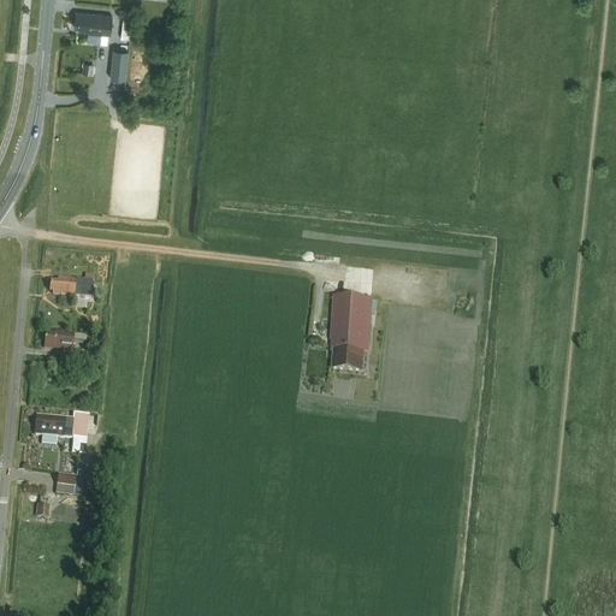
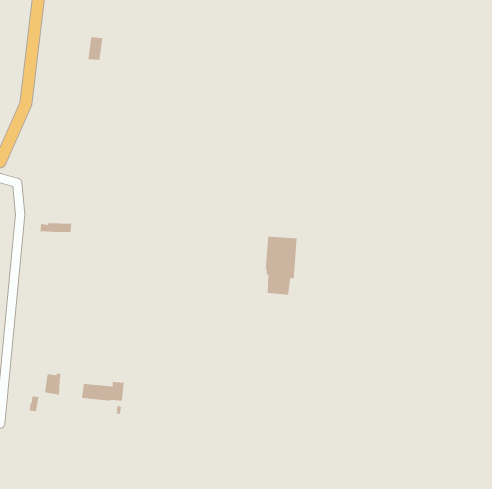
building: [75,10,112,30] -> none
building: [45,332,94,349] -> none
building: [35,411,89,454] -> [81,381,124,415]

